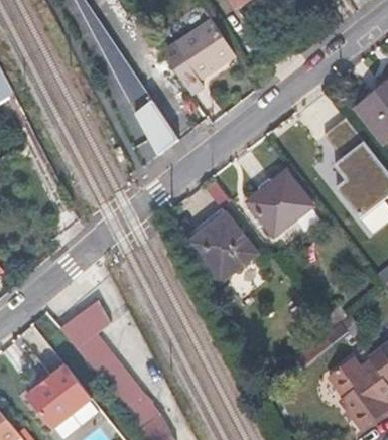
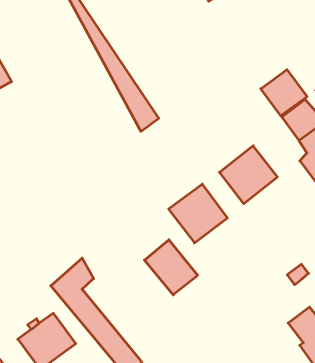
building: [165,21,238,96] -> none
building: none -> [261,70,307,116]
building: none -> [144,240,198,295]

